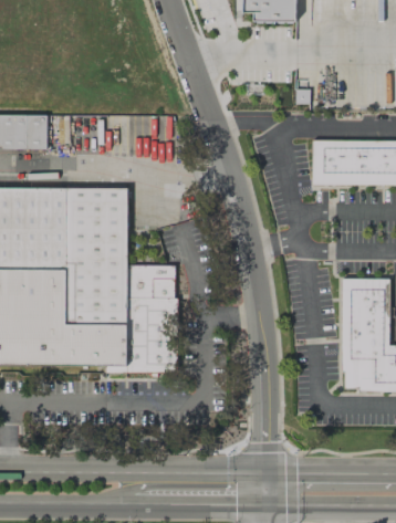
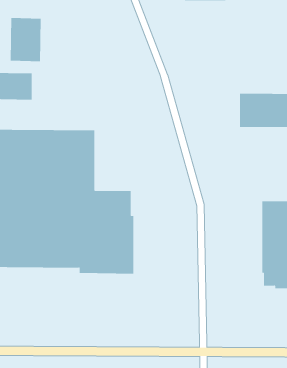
building: none -> [10,17,41,62]

